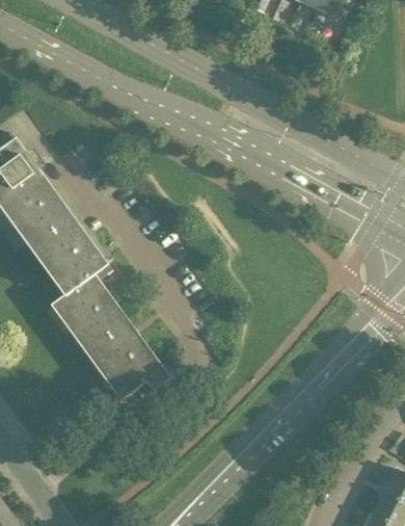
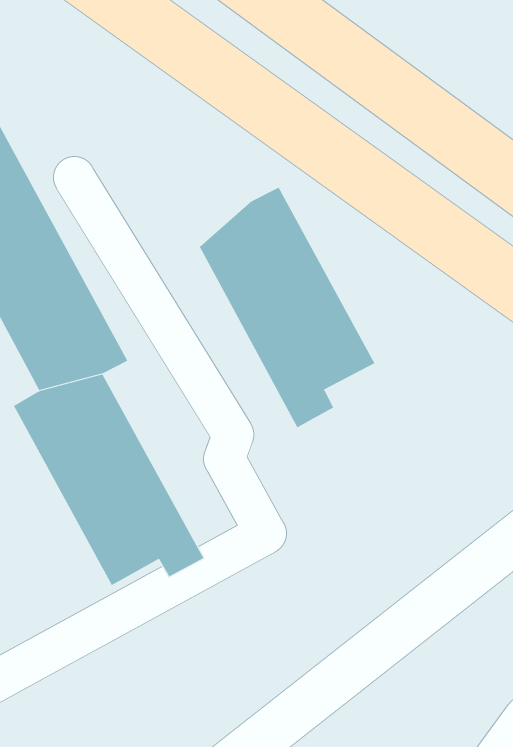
building: none -> [199,187,375,428]

